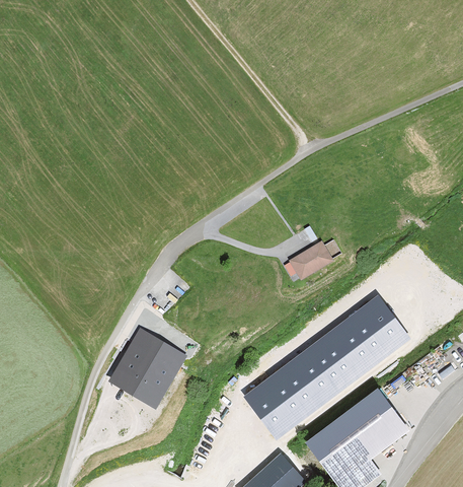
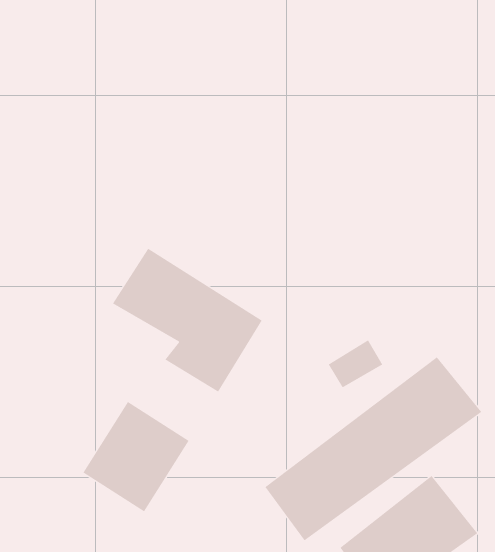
building: none -> [112,248,263,393]
building: [292,242,334,280] -> [328,339,383,388]

